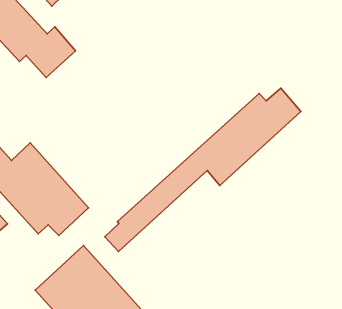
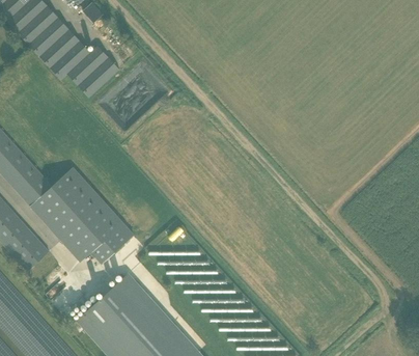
building: [105,88,301,252] -> none

